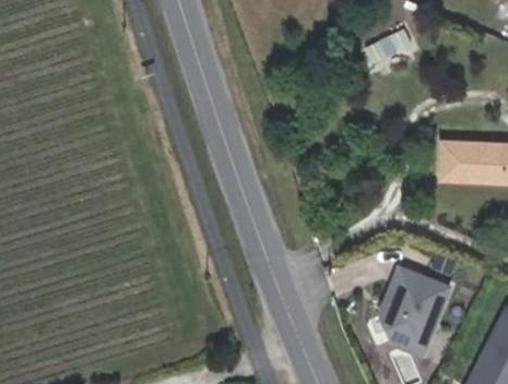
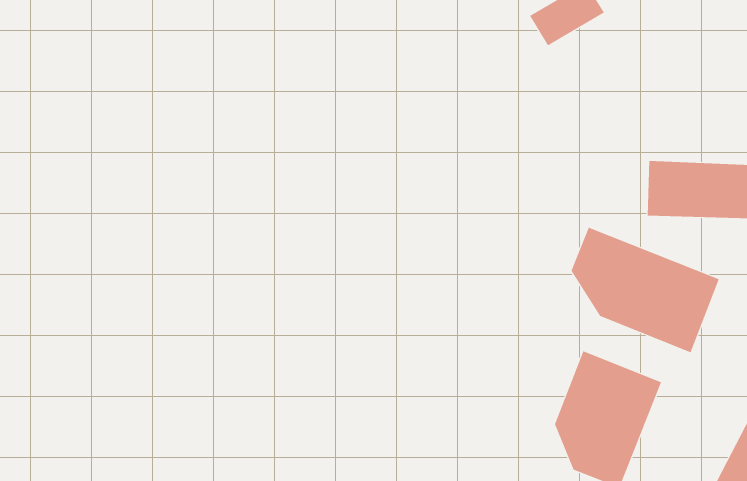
building: none -> [571,227,720,353]

